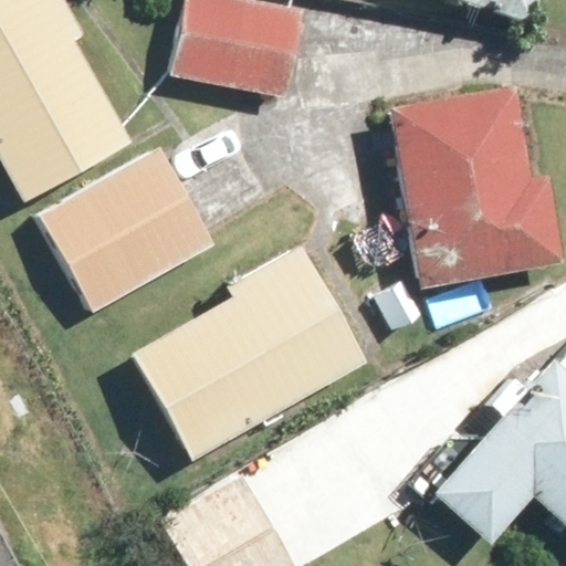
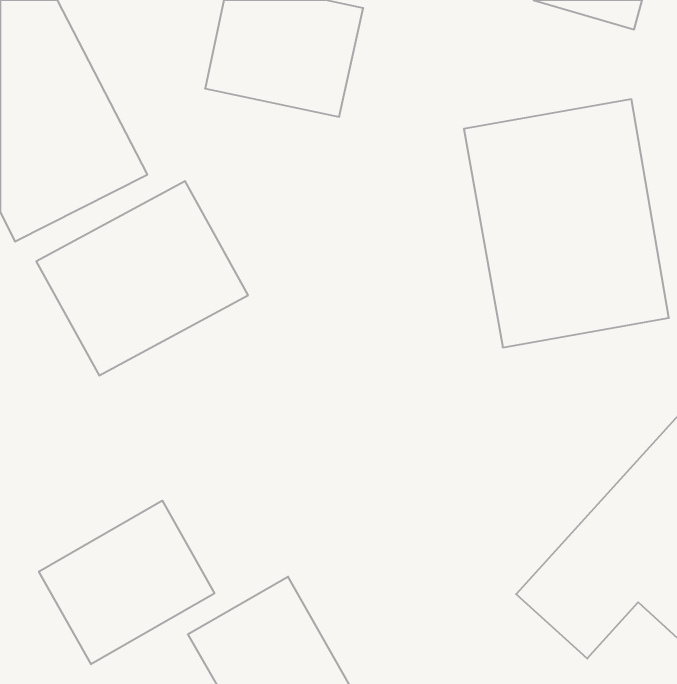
building: [133,256,364,459] -> none
building: none -> [39,501,214,664]

